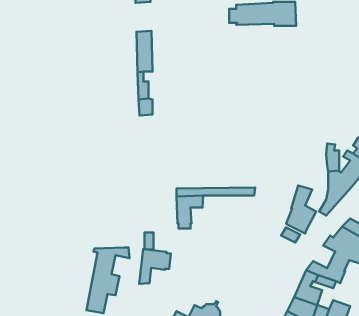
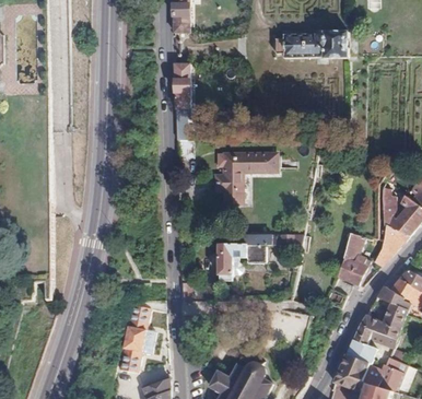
building: none -> [214,153,274,204]
building: [139,249,171,284] -> none

